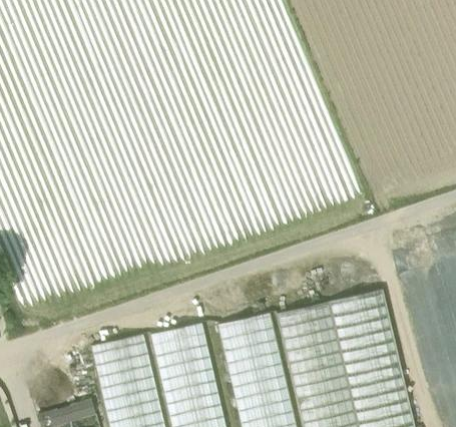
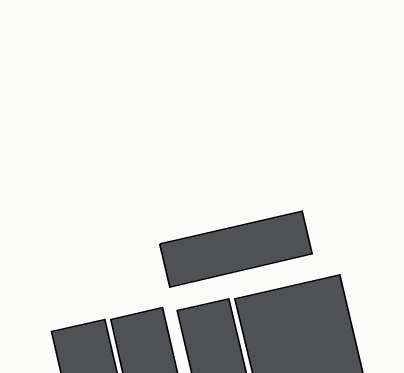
building: none -> [160,211,312,287]

